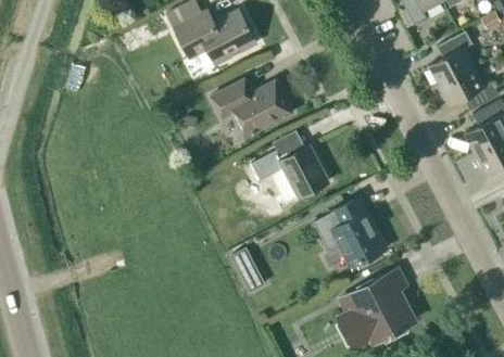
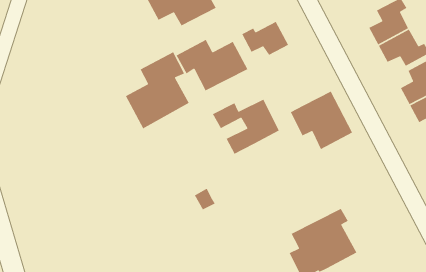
building: none -> [241,21,289,56]
building: none -> [125,51,190,129]
building: [314,197,386,265] -> [290,91,353,150]

